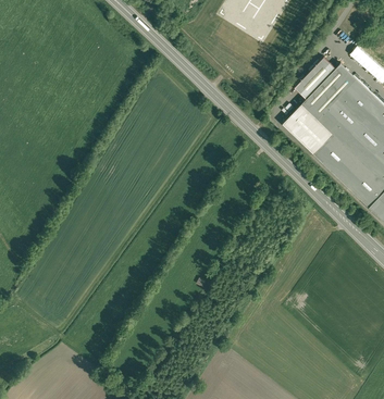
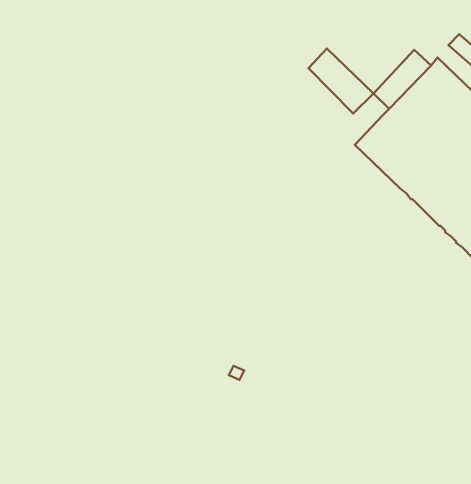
building: none -> [308,48,374,113]

